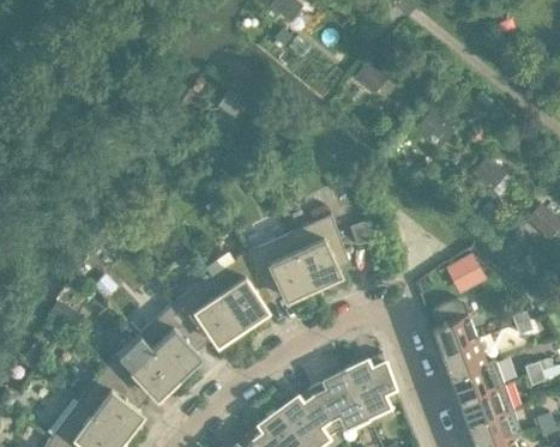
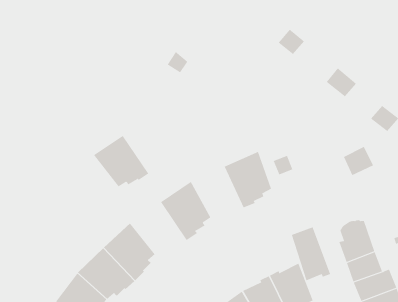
building: [248,235,313,298] -> none
building: [447,254,486,291] -> [343,146,374,176]
building: [173,279,242,344] -> [93,135,149,187]
building: none -> [291,227,331,281]

